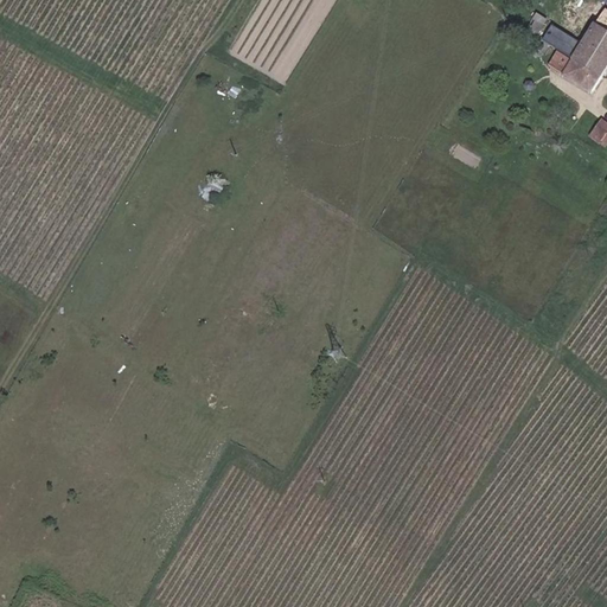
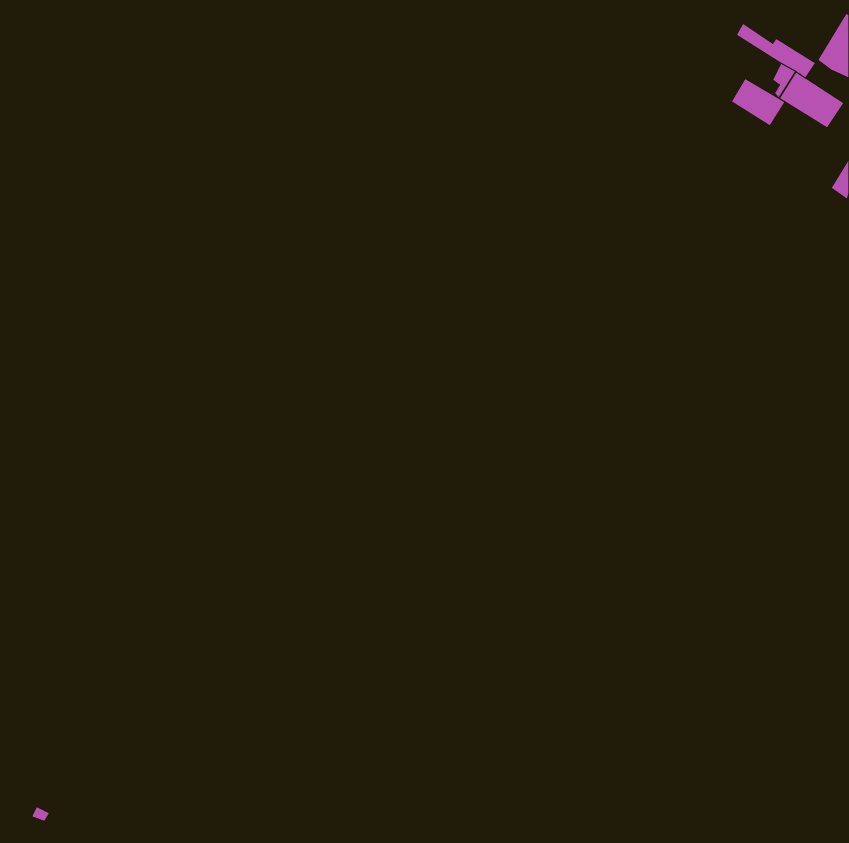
building: none -> [731,78,785,126]

